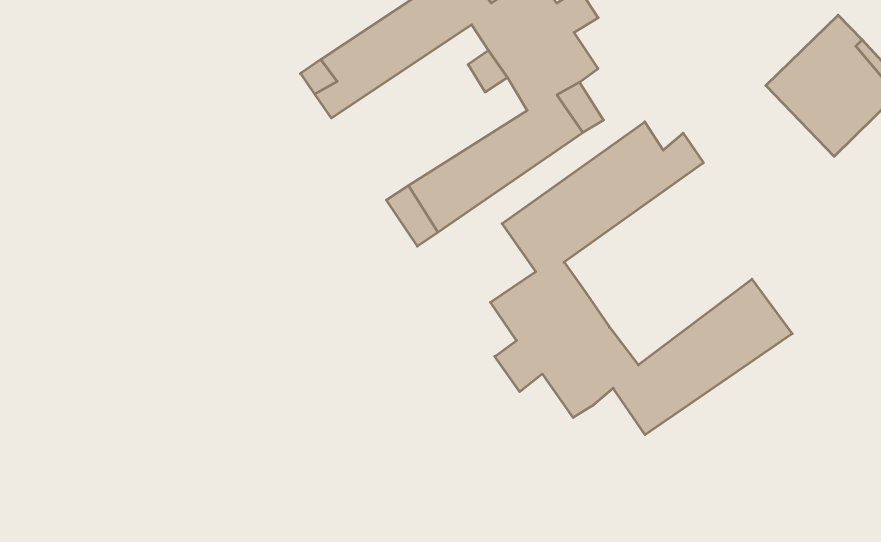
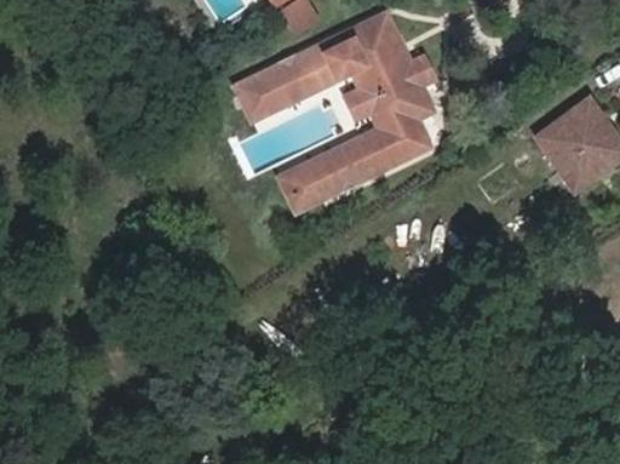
building: [490,122,792,435] -> none

